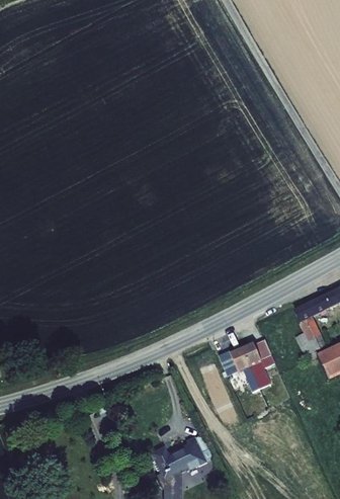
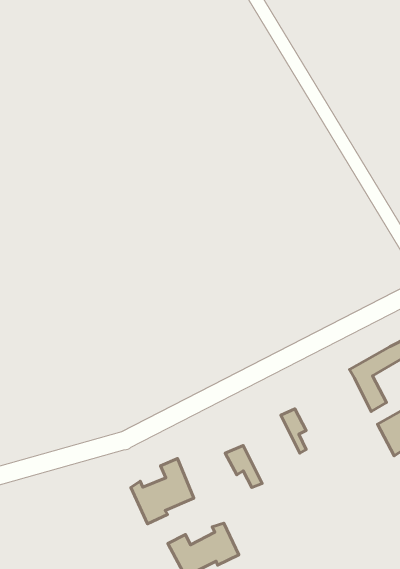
building: [229,346,258,380] -> [225,445,262,487]
building: none -> [131,459,194,524]

